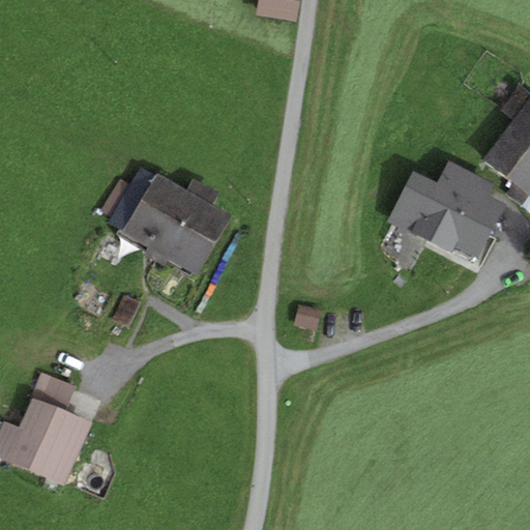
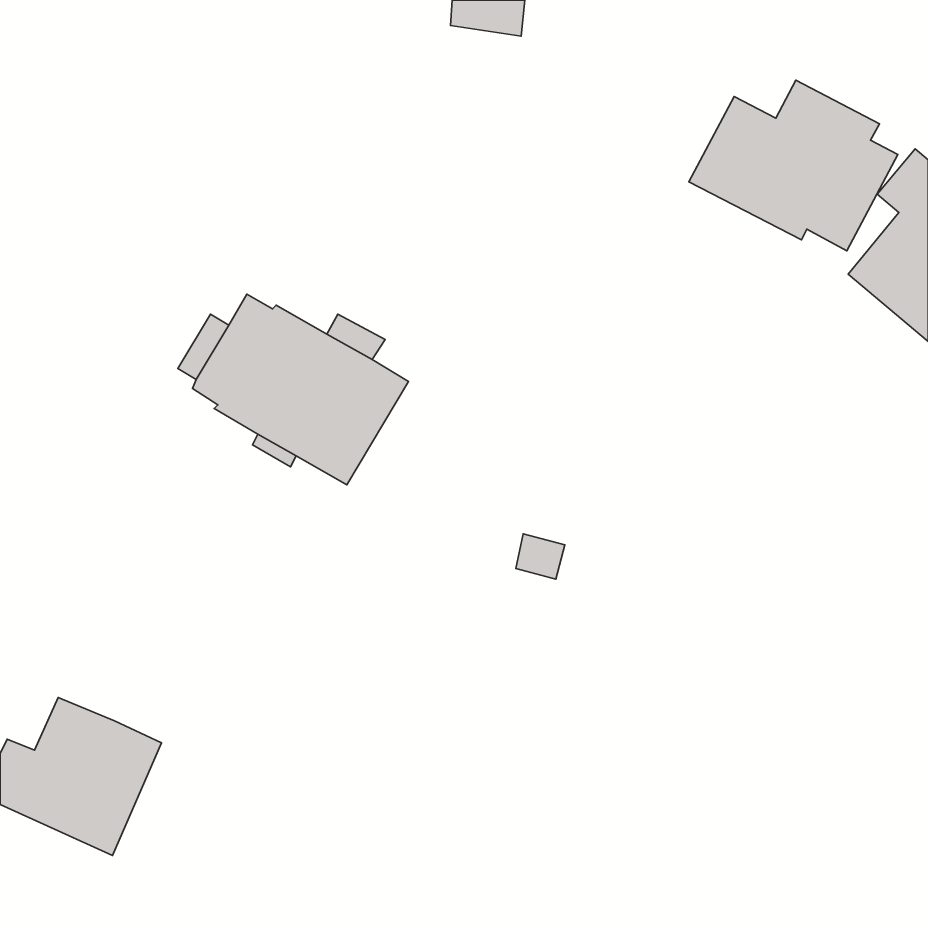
building: [387,163,506,260] -> [689,80,898,251]
building: [33,374,76,411] -> none

